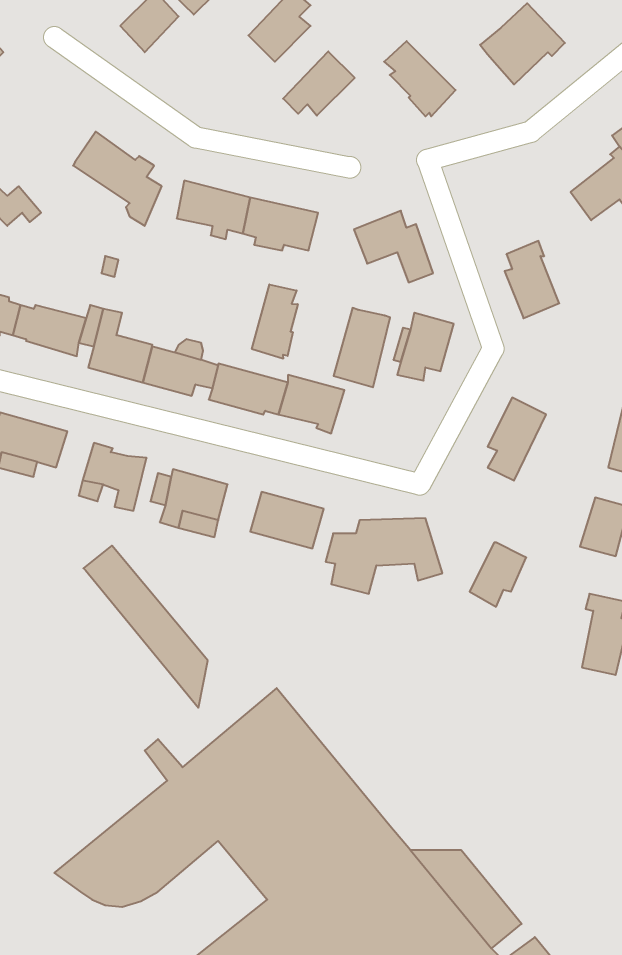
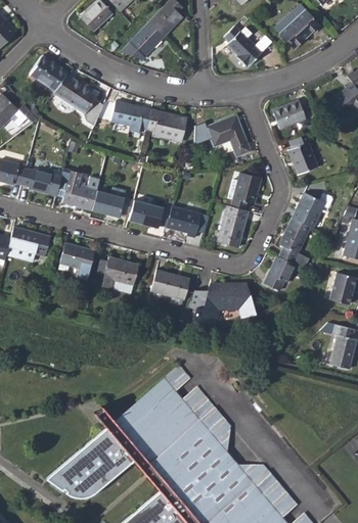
building: [283,51,355,116] -> [125,22,164,57]
building: none -> [30,56,68,91]
building: none -> [272,101,306,130]
building: [252,284,298,359] -> none
building: [334,308,390,387] -> [217,205,248,248]
building: none -> [293,193,333,228]
building: [470,543,526,607] -> [265,256,296,291]
building: [83,546,208,708] -> [164,363,231,450]

